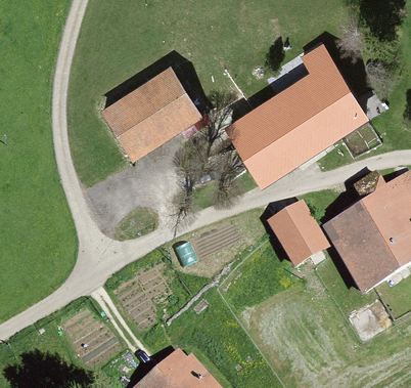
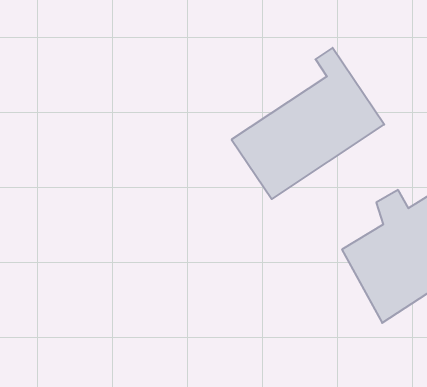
building: [102,69,194,154] -> none
building: [275,207,326,260] -> none

